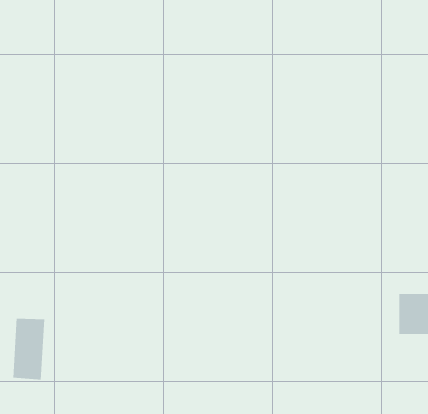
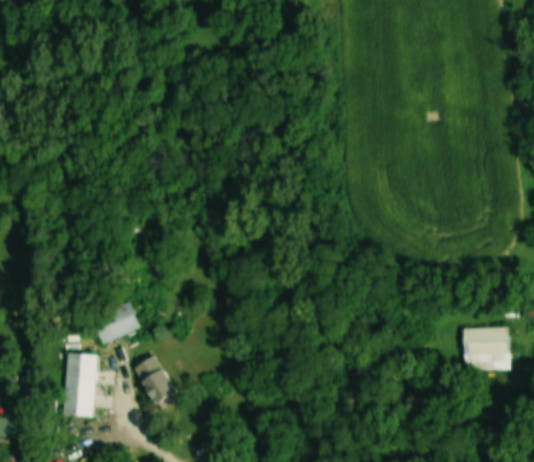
building: none -> [98,305,140,343]
building: none -> [133,356,180,410]

